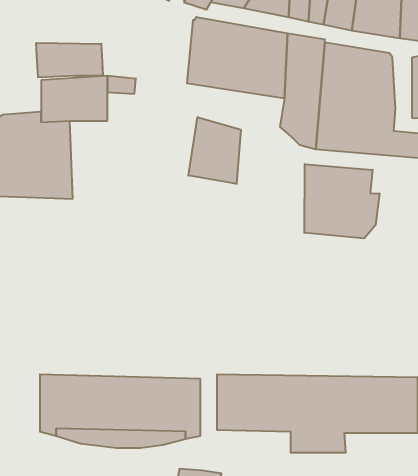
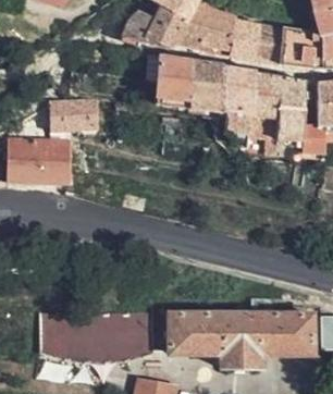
building: [36,43,103,77] -> none
building: [189,117,241,184] -> none
building: [304,164,379,238] -> none

